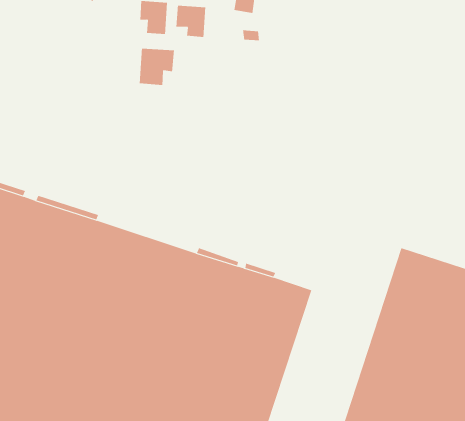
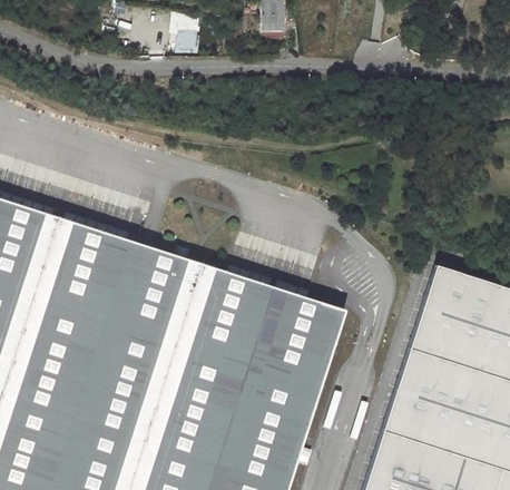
building: [176,5,206,38] -> none
building: [139,48,174,86] -> none

